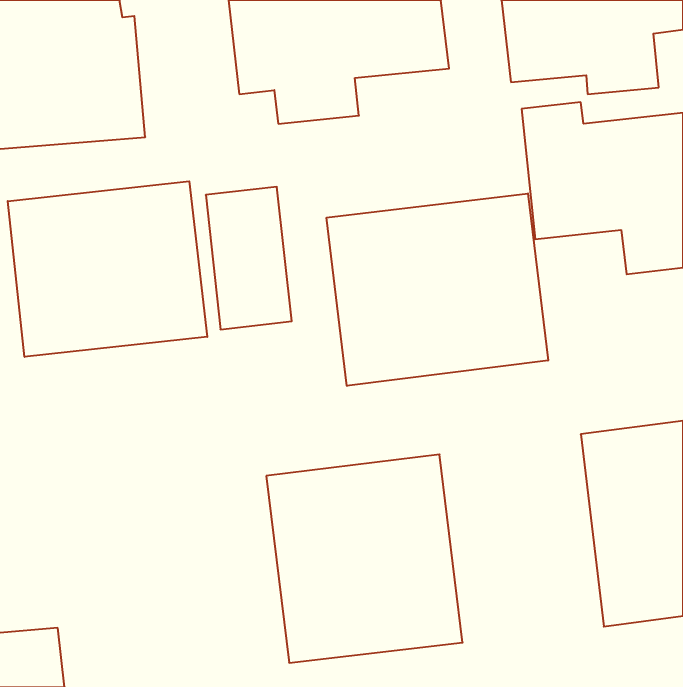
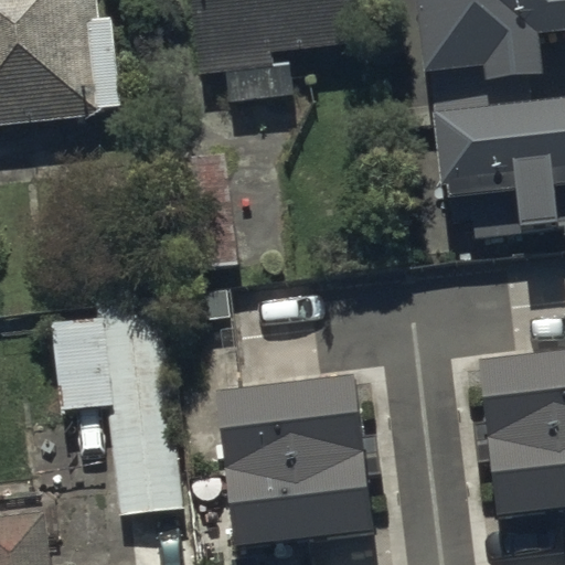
building: [8,181,207,357] -> none
building: [327,193,548,386] -> none
building: none -> [53,295,181,516]

